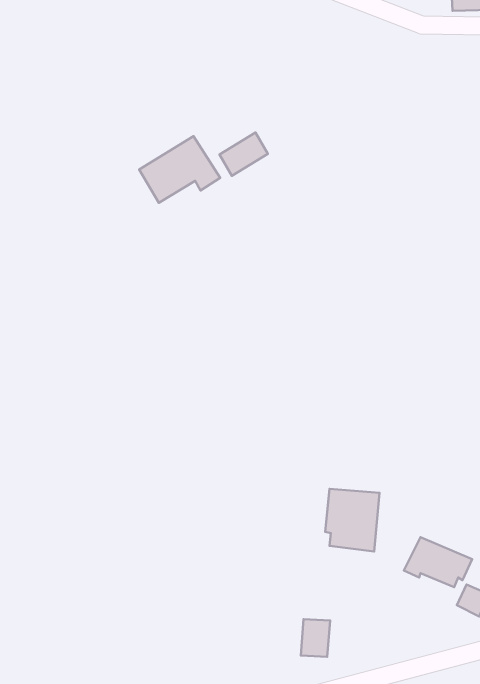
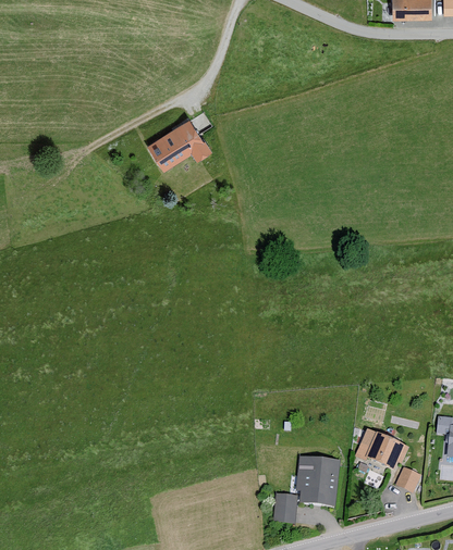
building: [220,132,268,176] -> none
building: [325,489,380,551] -> [296,457,339,505]

